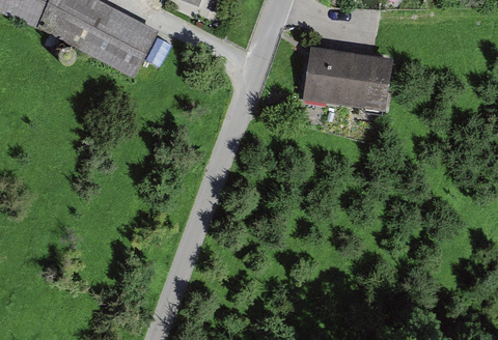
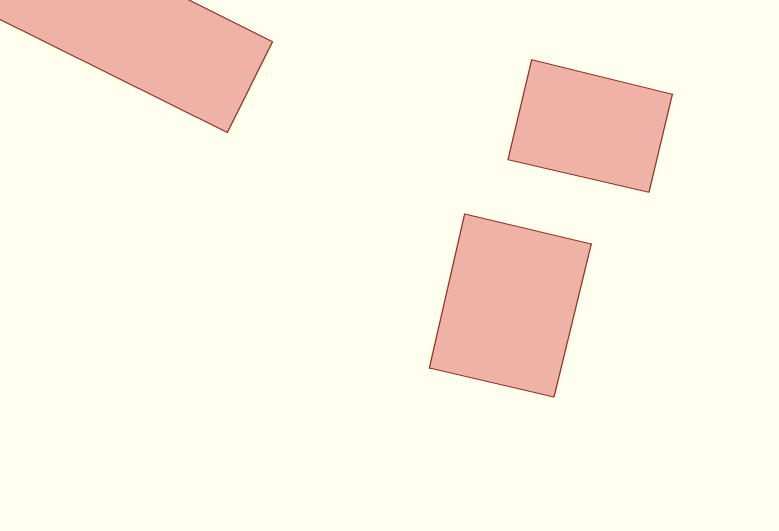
building: none -> [430,214,591,397]

